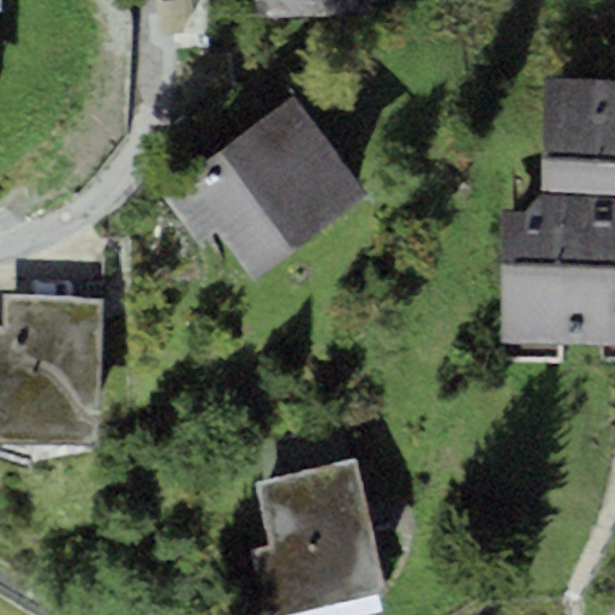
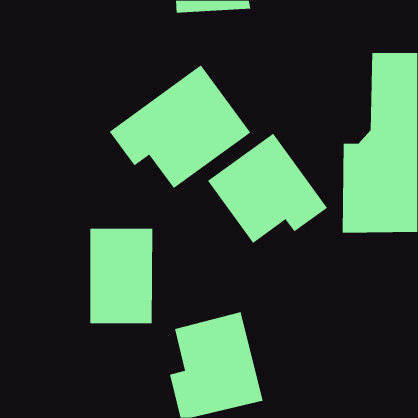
building: none -> [207,133,328,244]
building: [5,301,98,442] -> [89,228,153,324]

